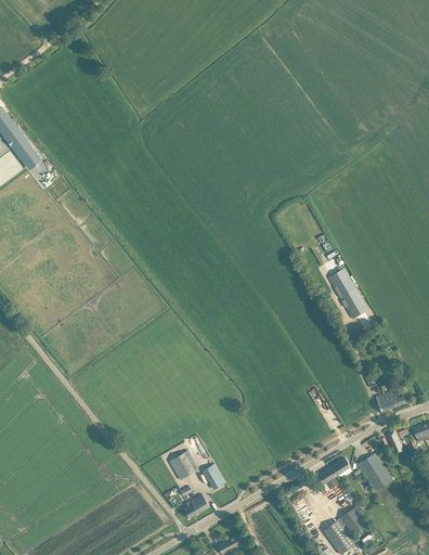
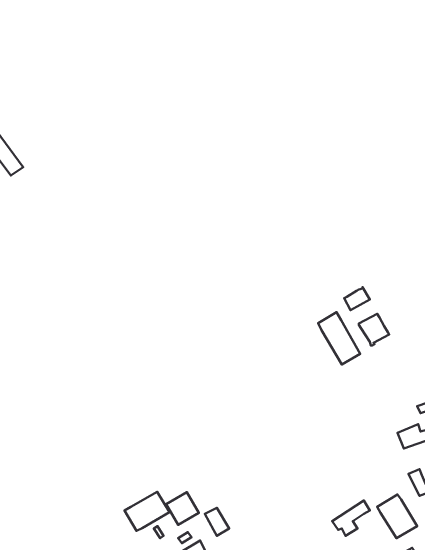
building: none -> [318,312,360,365]
building: none -> [124,492,169,531]

